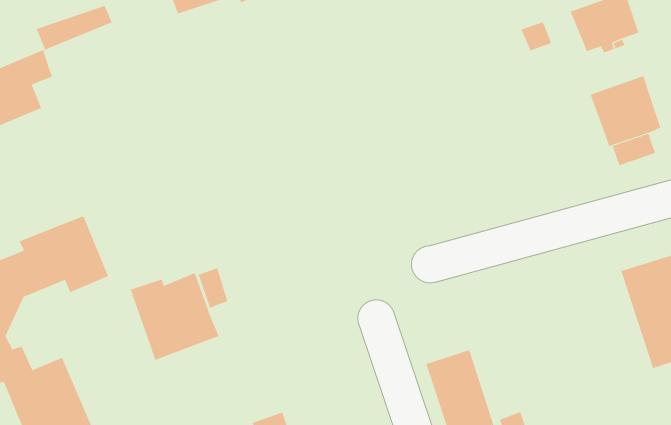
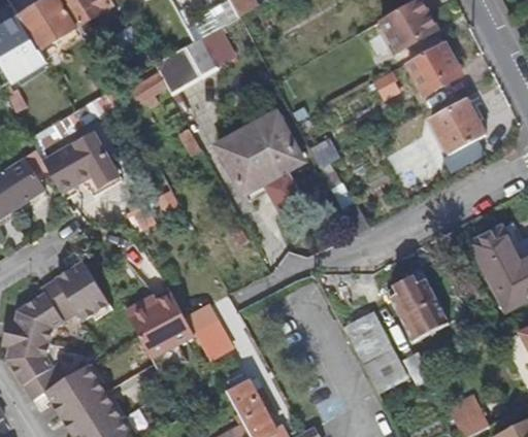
building: none -> [43,133,119,193]
building: none -> [219,114,303,195]
building: none -> [186,305,232,360]
building: none -> [388,271,450,340]

